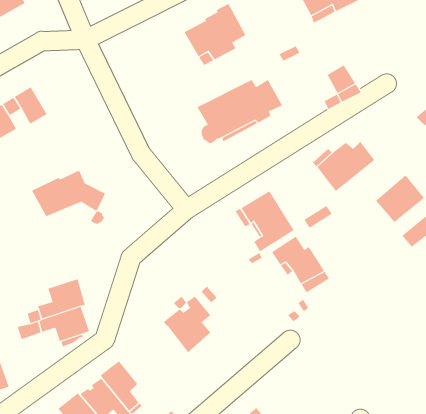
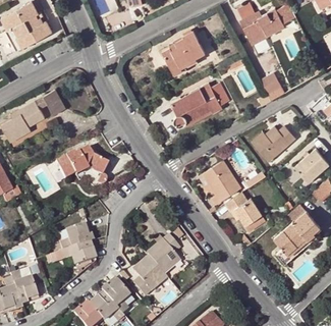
building: none -> [274,210,321,253]
building: none -> [132,255,165,294]

